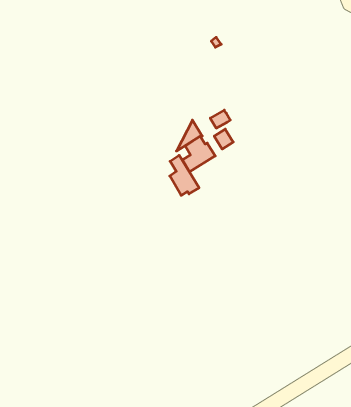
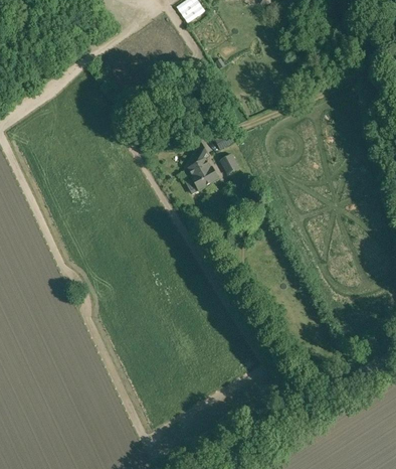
building: [170,155,199,195] -> none

